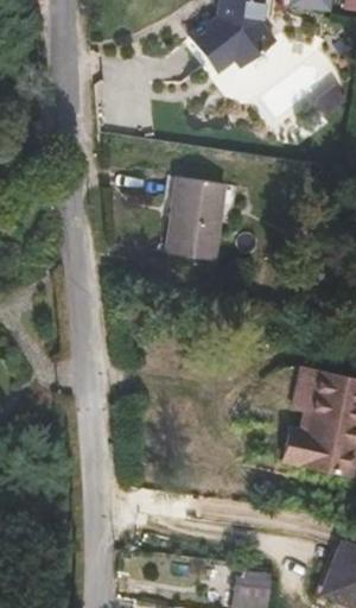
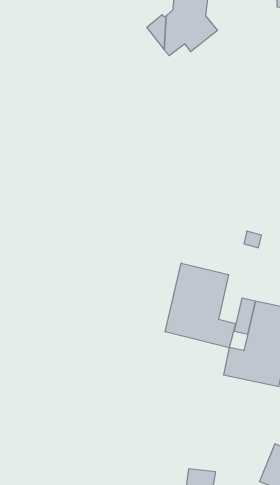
building: [166,176,227,259] -> none
building: none -> [165,263,235,348]

